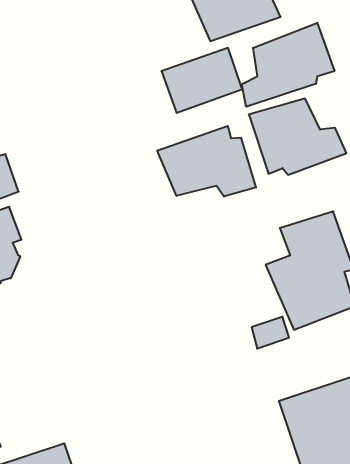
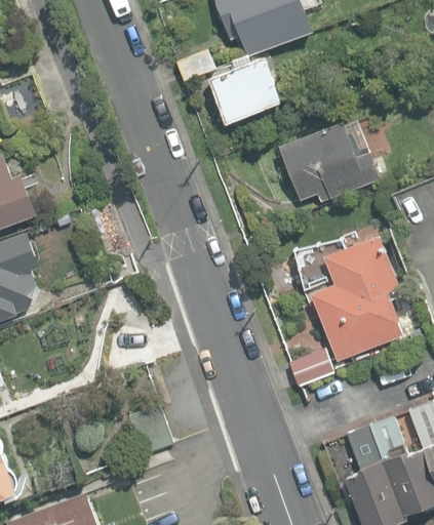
building: [242,23,334,107] -> none
building: [157,126,256,197] -> none

